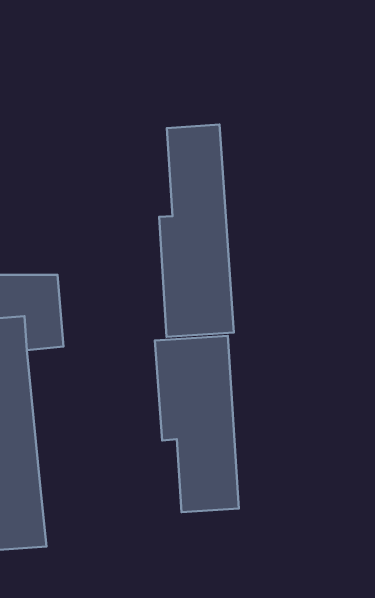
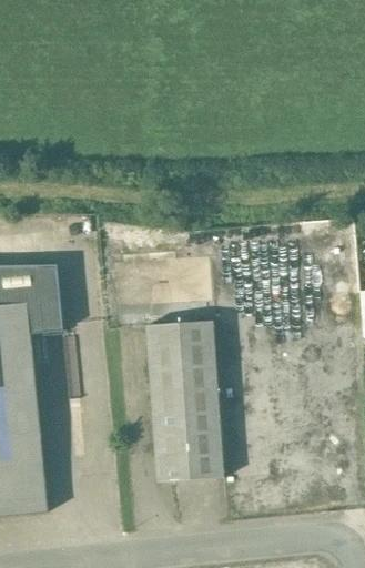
building: [159,124,234,337] -> none

